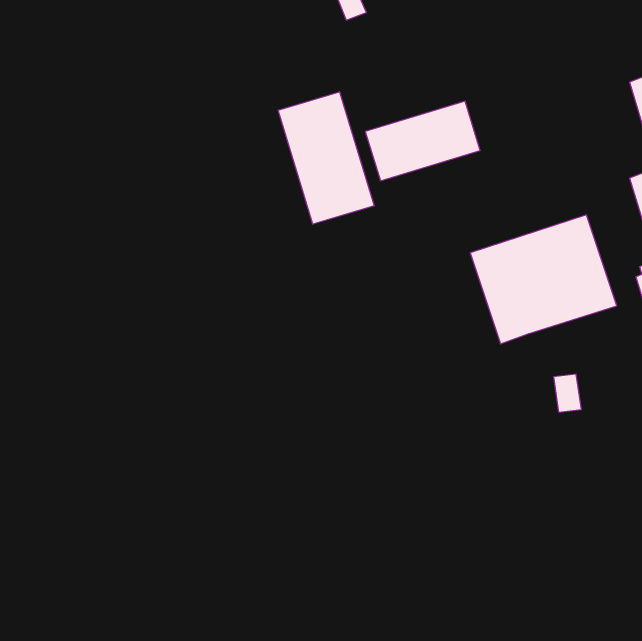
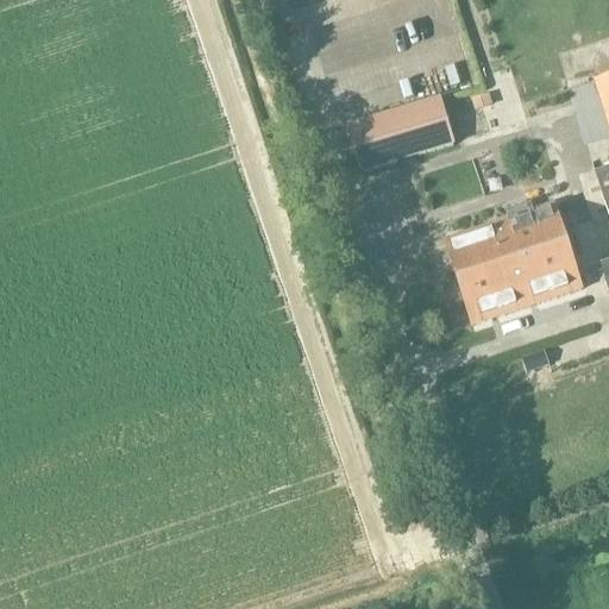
building: [278,92,374,224] -> none

